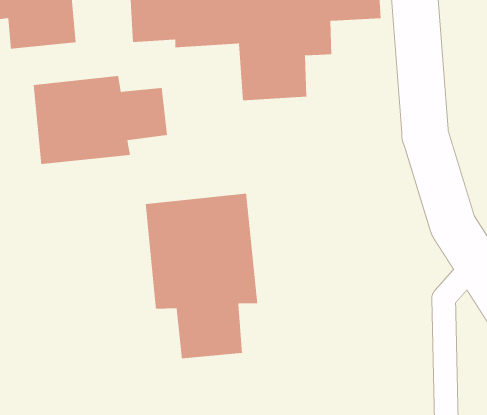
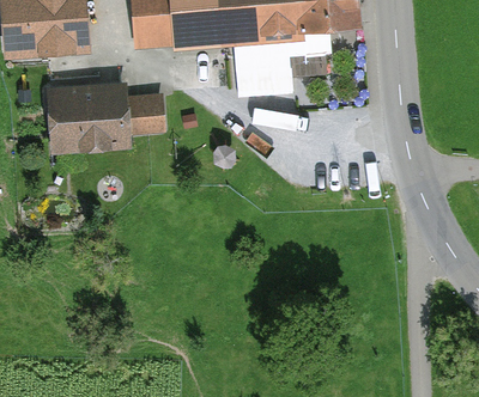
building: [145,193,258,359] -> none

